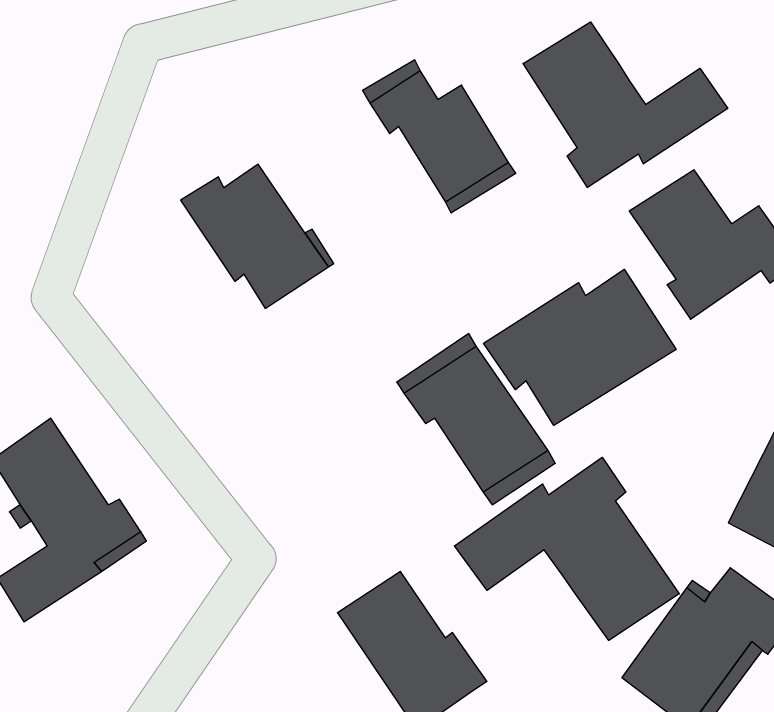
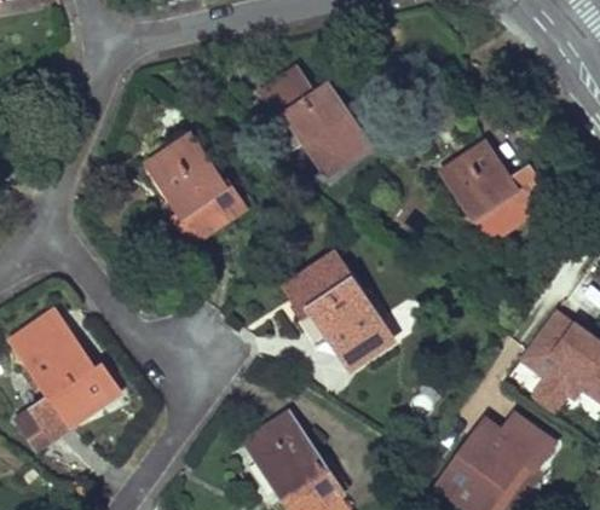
building: [523,22,728,187] -> none
building: [484,269,676,425] -> none
building: [454,457,679,640] -> none

